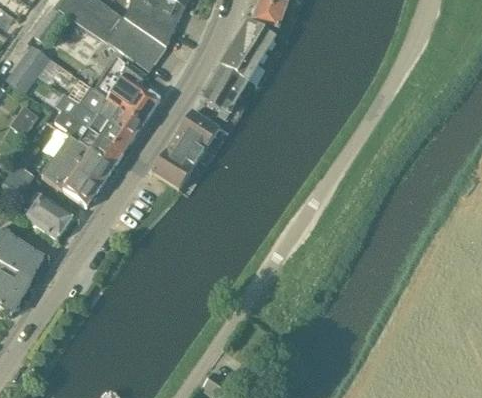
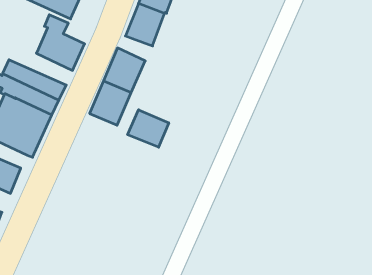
building: [79,85,142,137] -> none
building: none -> [128,110,169,147]

